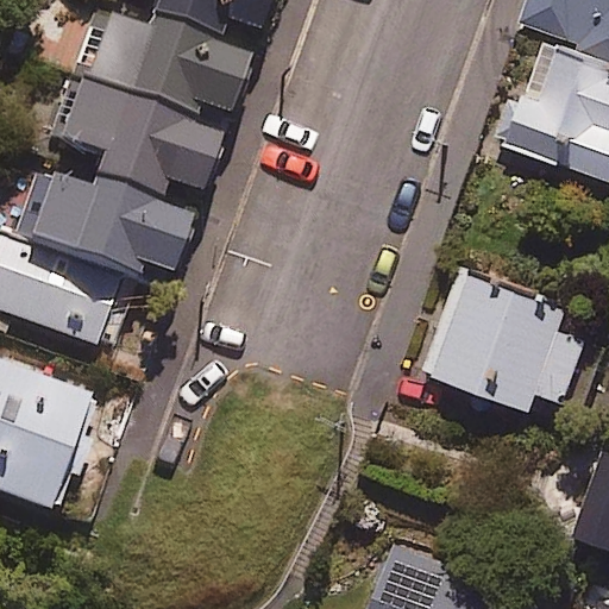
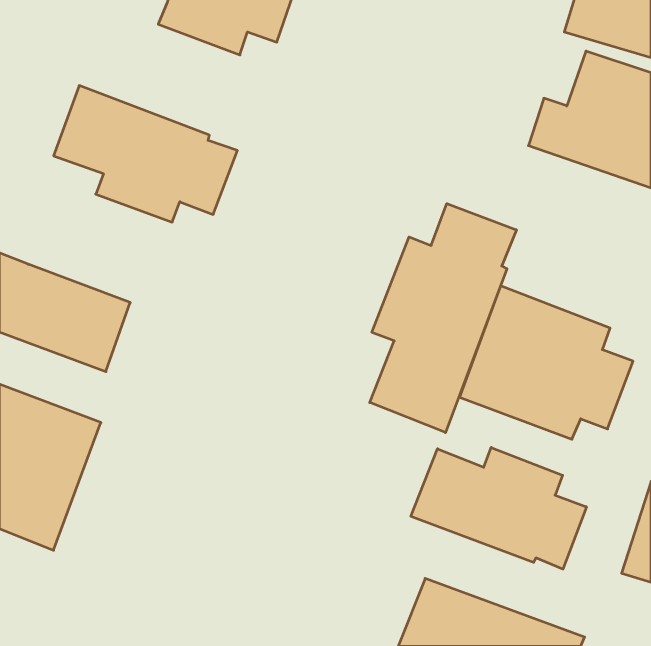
building: [74,11,250,126] -> none
building: [26,181,190,287] -> none
building: none -> [370,204,516,433]
building: none -> [411,447,586,569]

